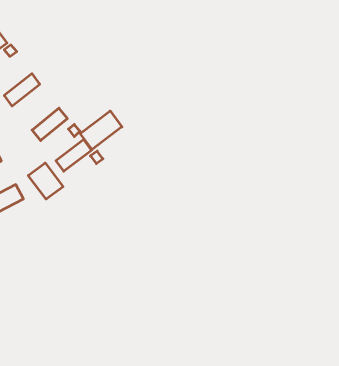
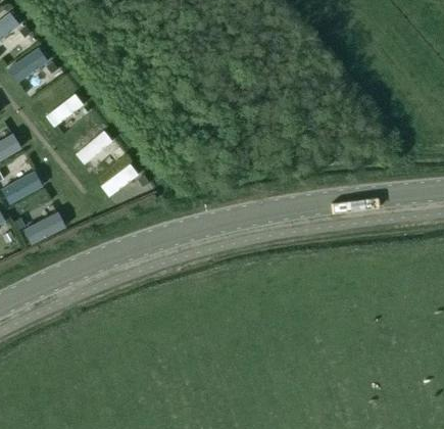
building: [80,111,122,150] -> none
building: [28,163,63,199] -> none

